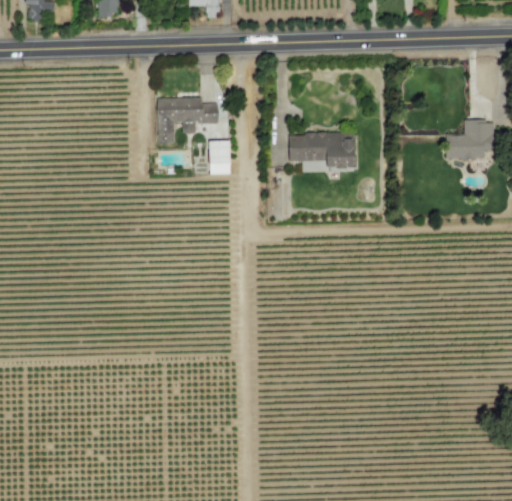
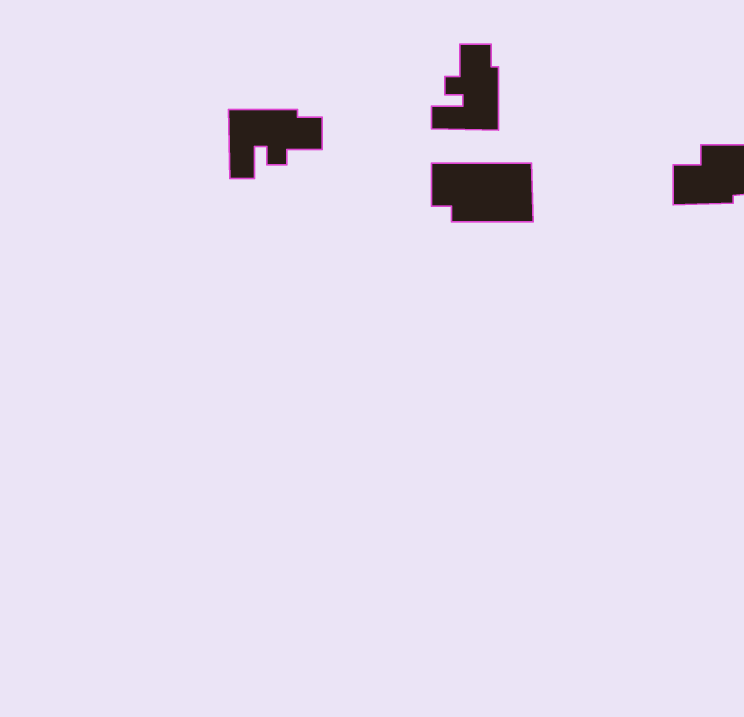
building: none -> [431,44,499,130]
building: [209,140,230,173] -> none

